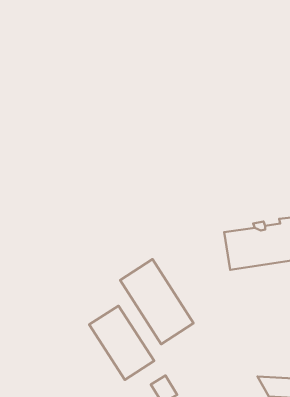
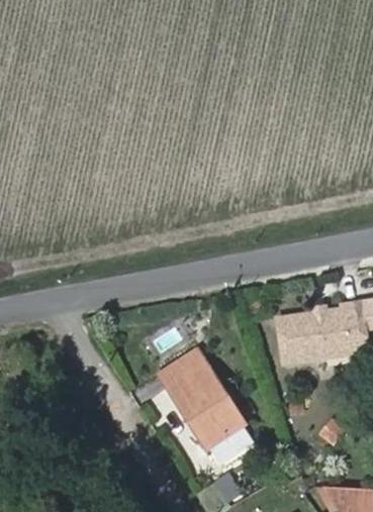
building: [89,306,154,380] -> none

